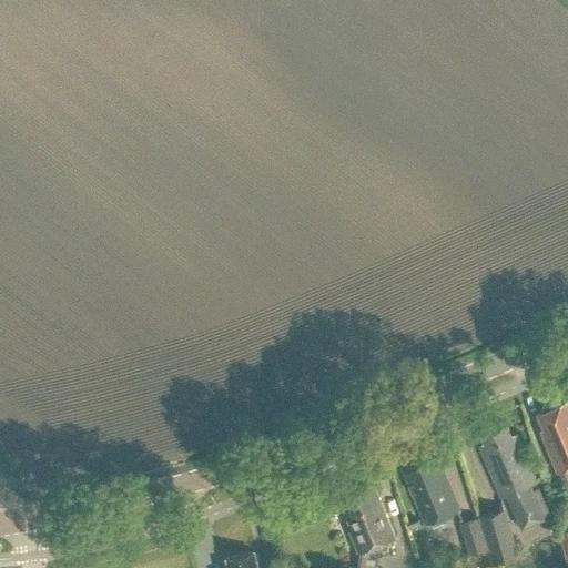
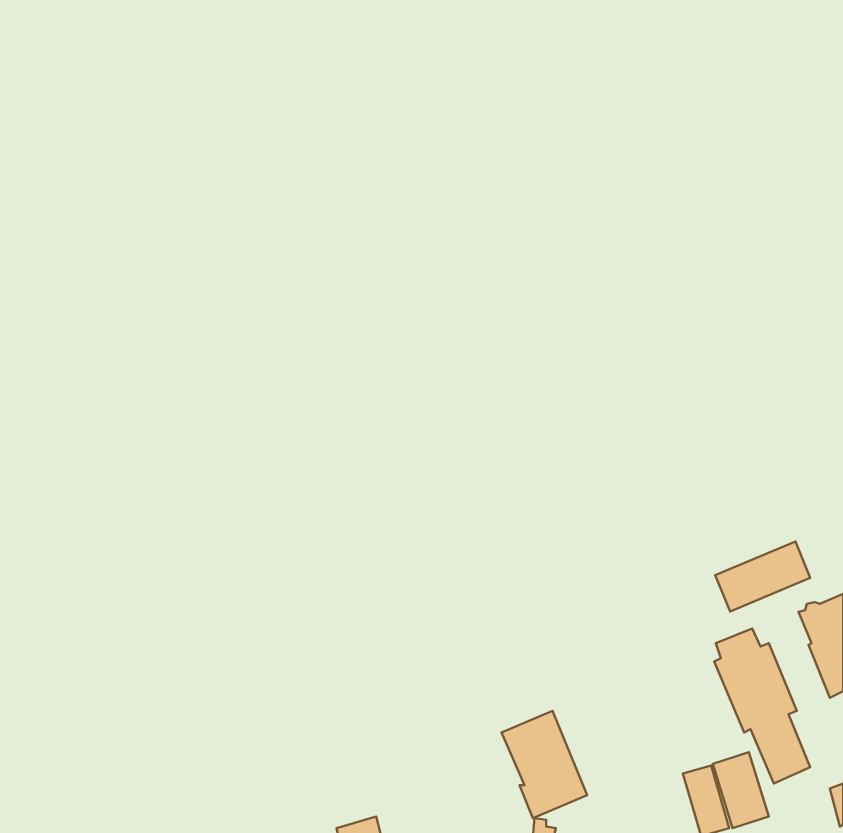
building: none -> [715,542,810,611]
building: [404,462,458,525] -> none

